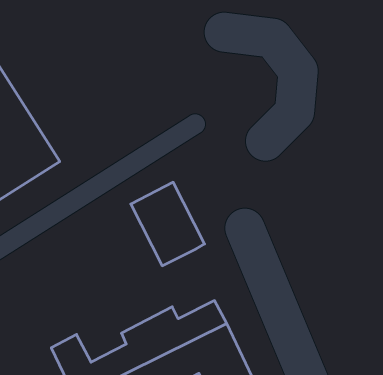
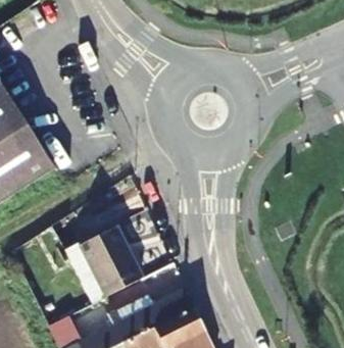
building: [131,182,205,266] -> [79,226,141,296]

